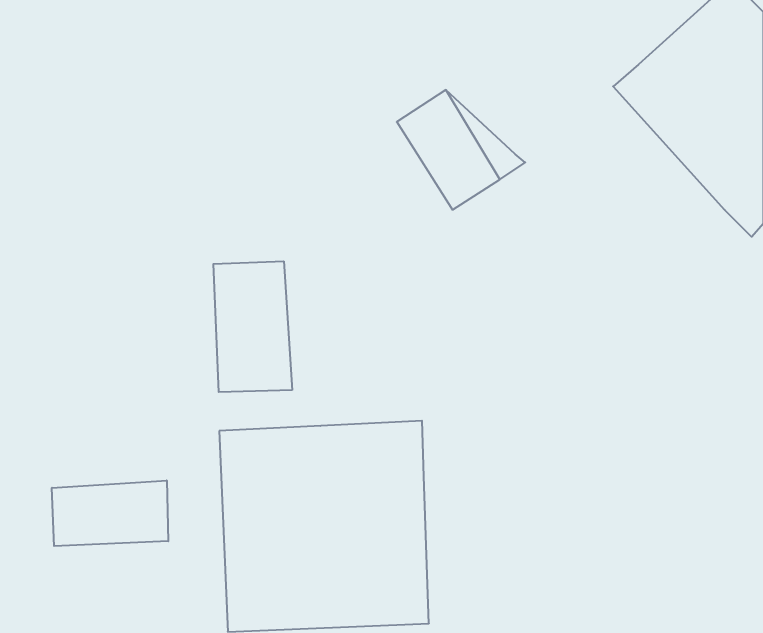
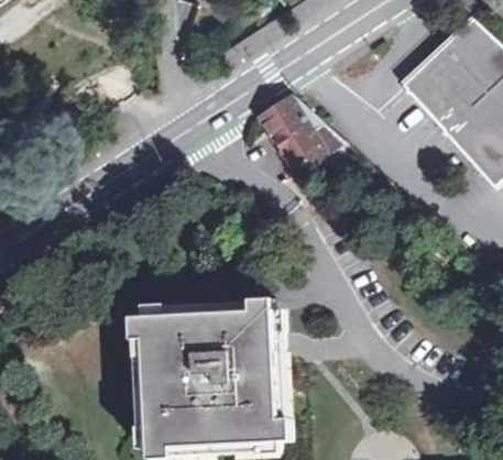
building: [213,261,292,392] -> none
building: [52,480,168,546] -> none

